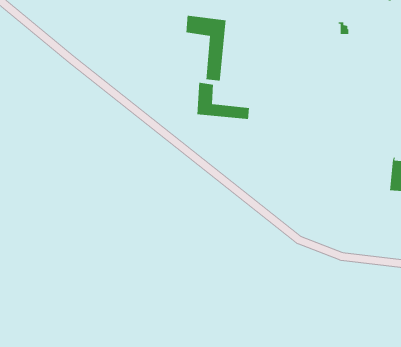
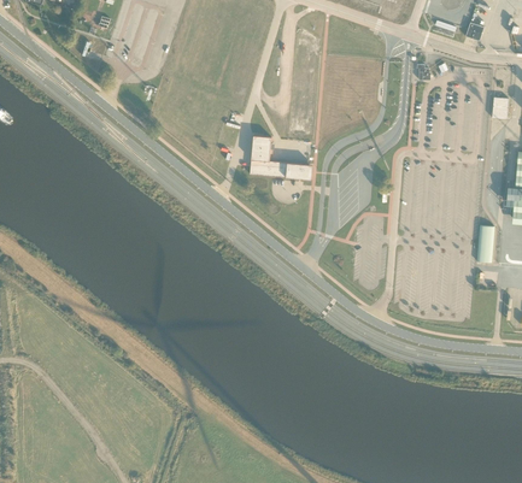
building: [186,15,227,82] -> none

